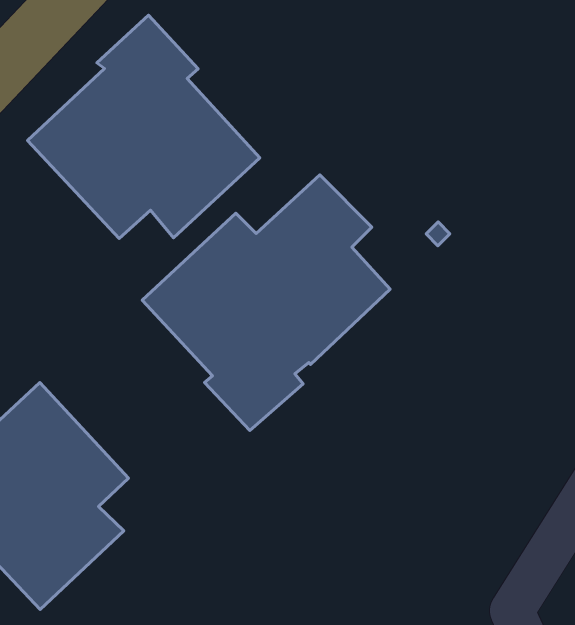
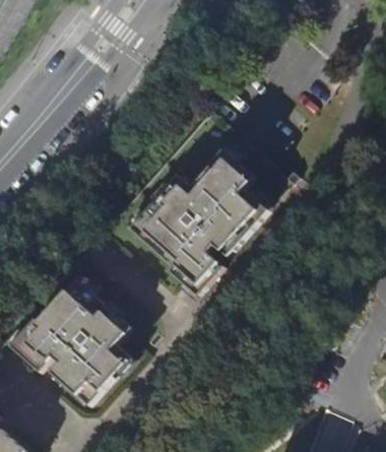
building: [27,15,260,239] -> none

